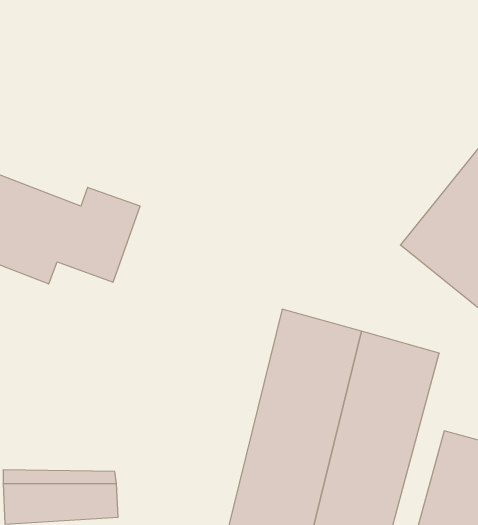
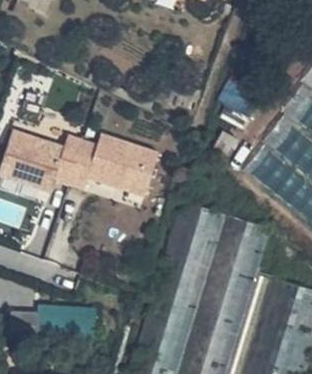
building: none -> [85,138,159,206]

